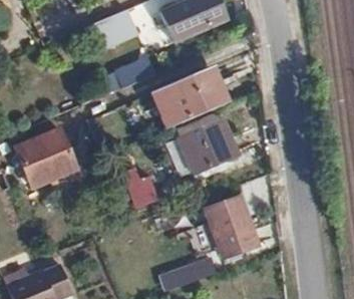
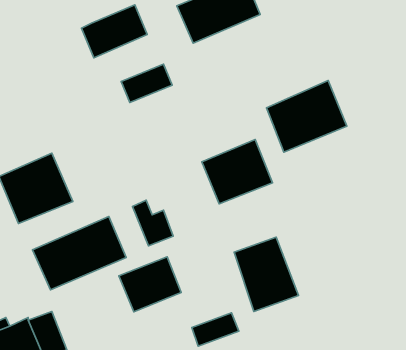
building: [157,67,223,125] -> [266,80,347,152]
building: none -> [32,217,126,290]
building: none -> [119,257,181,312]

